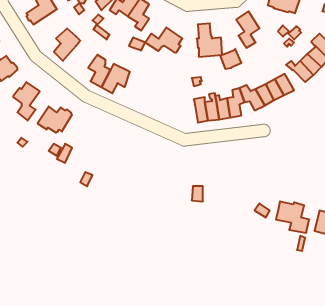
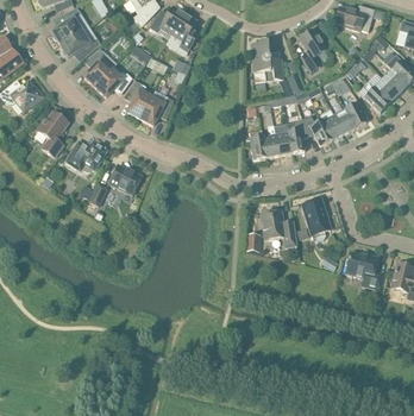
building: none -> [61,26,100,56]
building: [145,27,182,53] -> none
building: none -> [95,69,132,96]
building: none -> [108,164,140,195]
building: none -> [301,198,331,241]
building: none -> [261,210,295,246]

